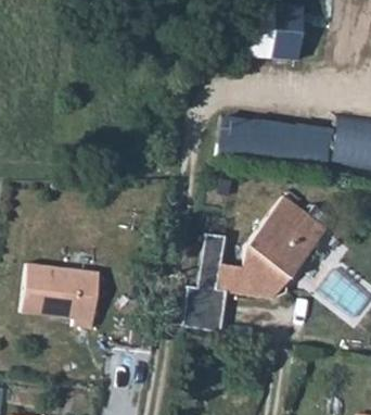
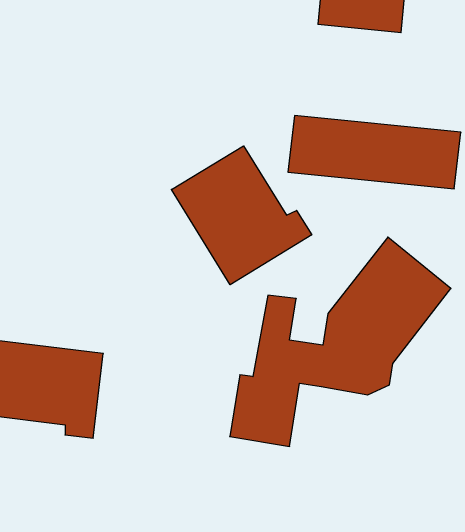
building: none -> [171,146,312,285]

